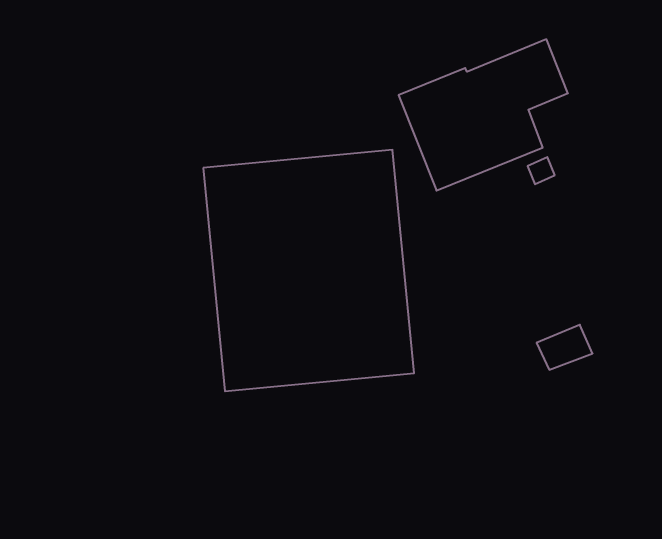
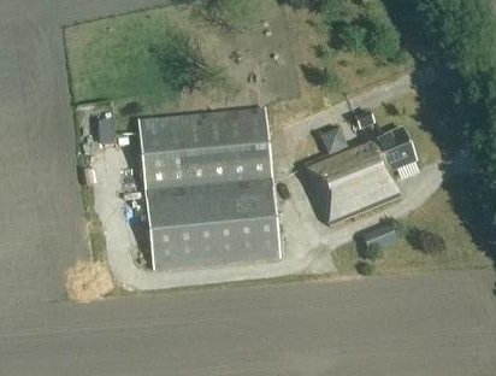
building: [399,39,568,191] -> [303,127,417,228]

